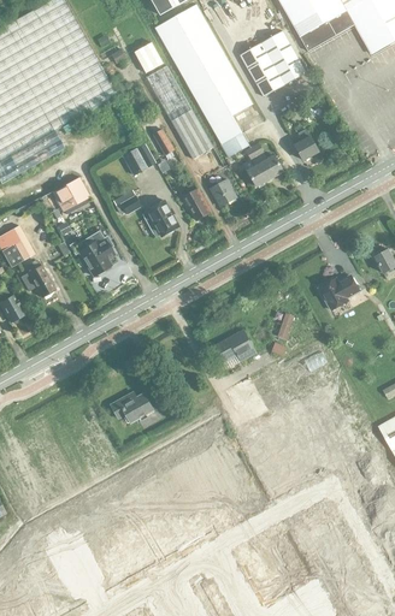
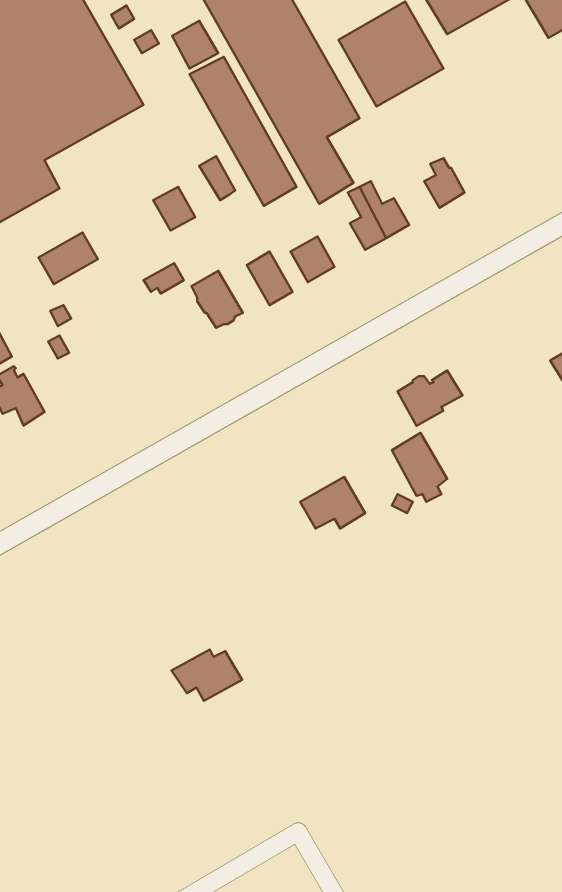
building: [72,230,112,276] -> none
building: [318,274,359,309] -> [397,371,462,426]
building: [108,391,153,424] -> [172,649,242,701]

